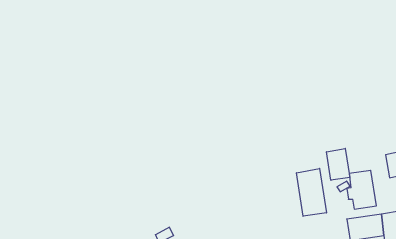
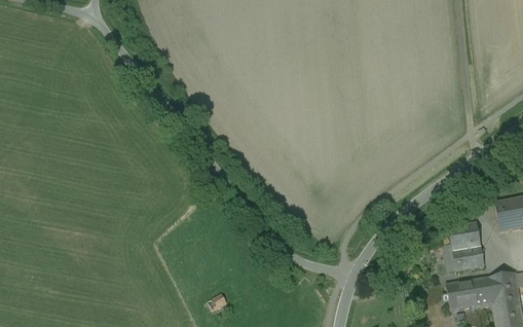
building: [327,148,350,180] -> none
building: [297,168,326,216] -> none

